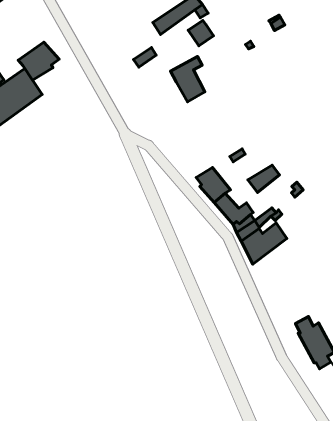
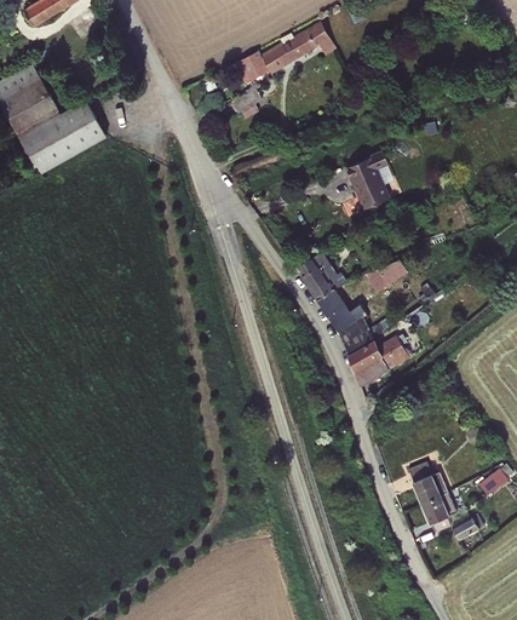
building: [188,20,214,46] -> [236,50,269,82]
building: [18,42,59,80] -> none
building: [171,56,205,102] -> [345,151,387,209]

